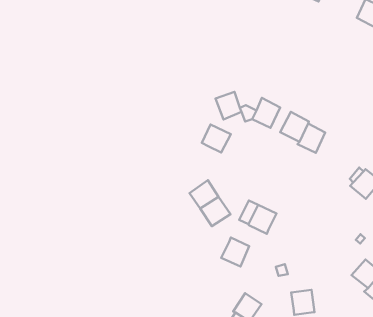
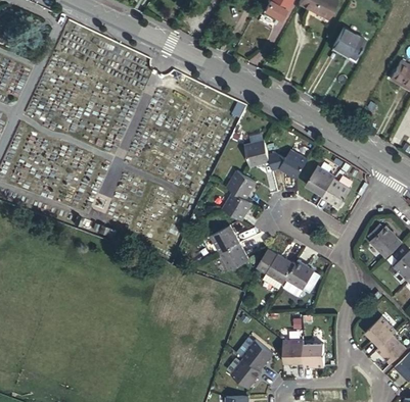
building: none -> [222,193,250,221]
building: [221,237,249,266] -> [285,261,314,291]
building: none -> [282,341,304,363]

